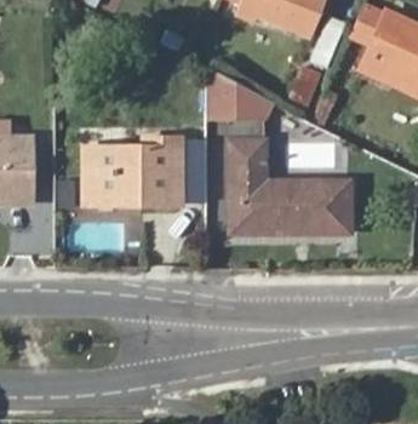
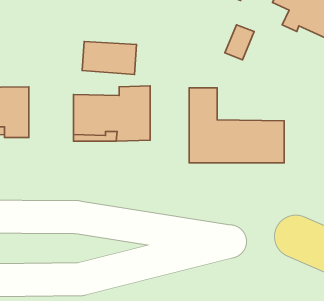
building: [202,84,270,125] -> [82,41,137,75]

